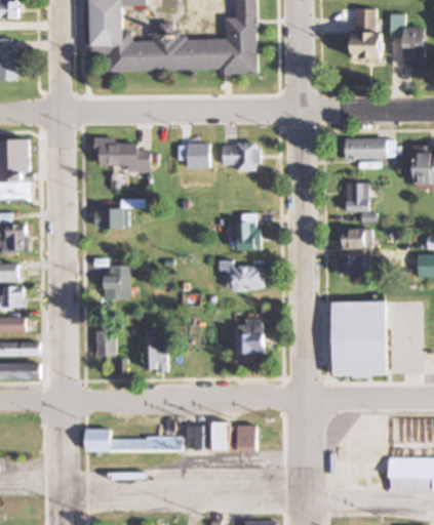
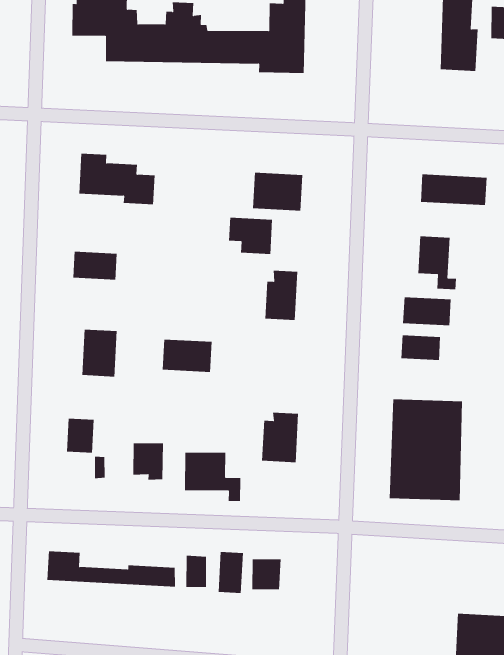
building: [177,144,209,169] -> [228,217,273,254]
building: [228,267,264,289] -> [162,339,213,373]
building: none -> [184,452,241,502]

